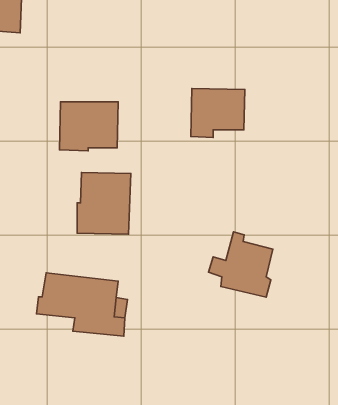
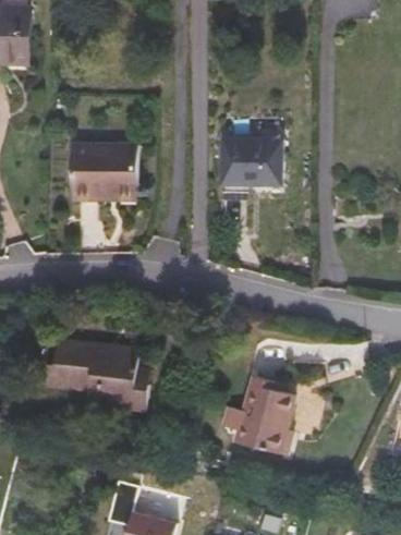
building: [77,172,131,234] -> none
building: [209,232,273,297] -> [222,379,295,453]

